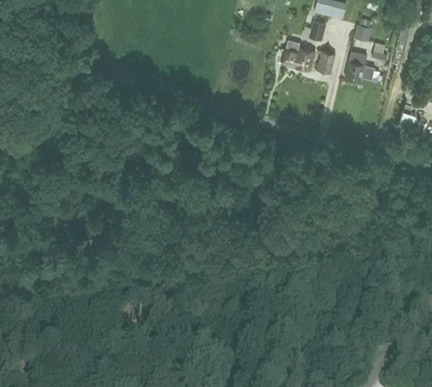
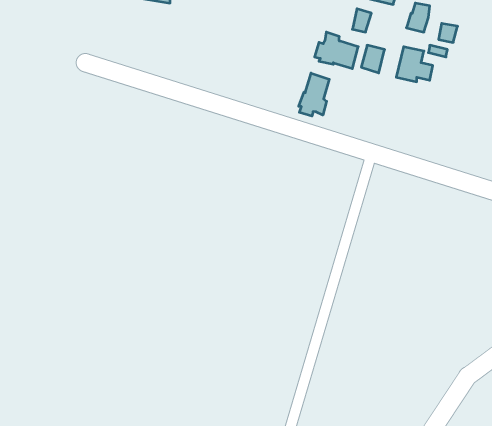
building: none -> [299,73,329,116]

